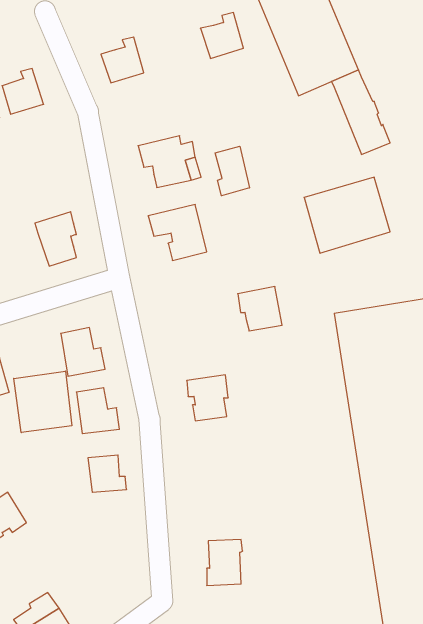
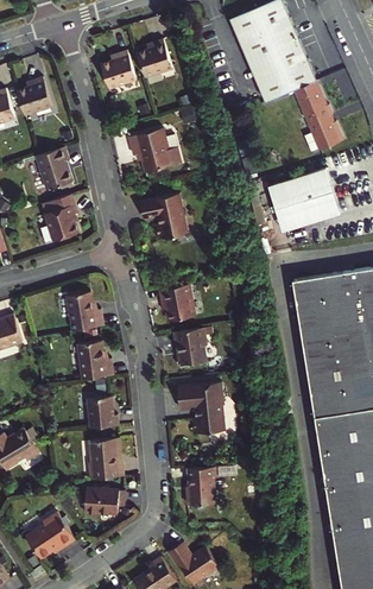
building: [200,13,243,58] -> [135,39,171,77]
building: [215,146,249,196] -> none
building: none -> [34,147,70,190]
building: [238,287,282,331] -> [158,285,195,322]
building: [14,371,72,433] -> none
building: none -> [177,384,223,436]
building: none -> [89,437,125,480]
building: none -> [86,488,128,519]

